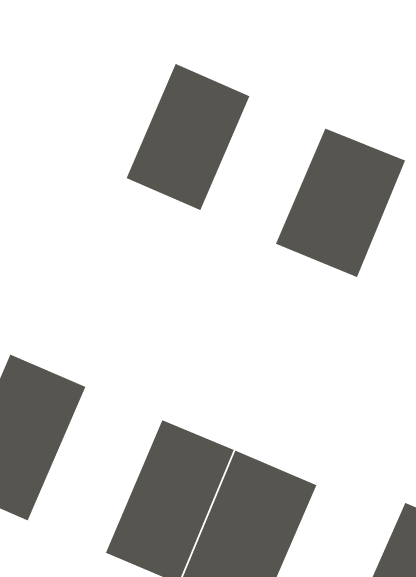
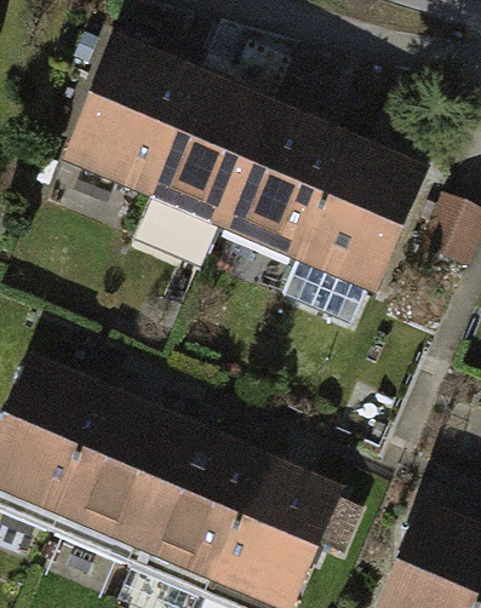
building: none -> [68,42,194,190]
building: none -> [219,108,343,256]
building: none -> [47,397,181,563]

